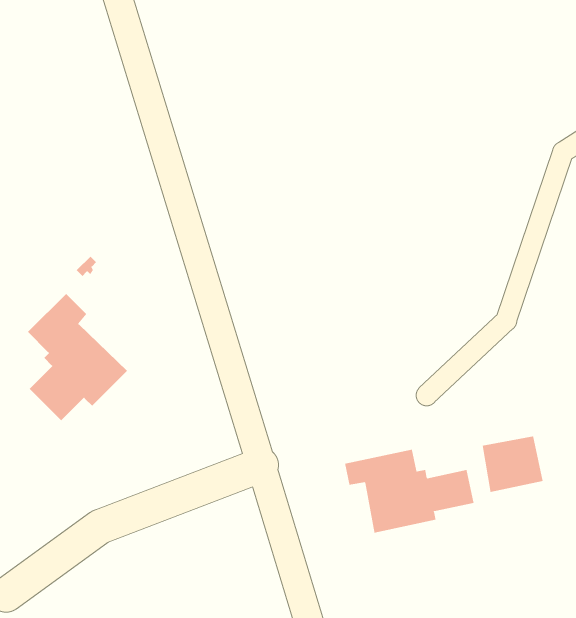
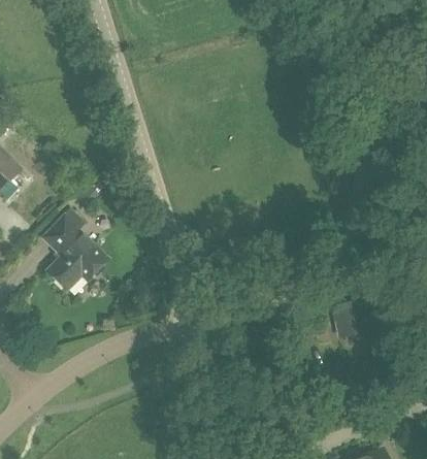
building: [344,449,474,533] -> none

